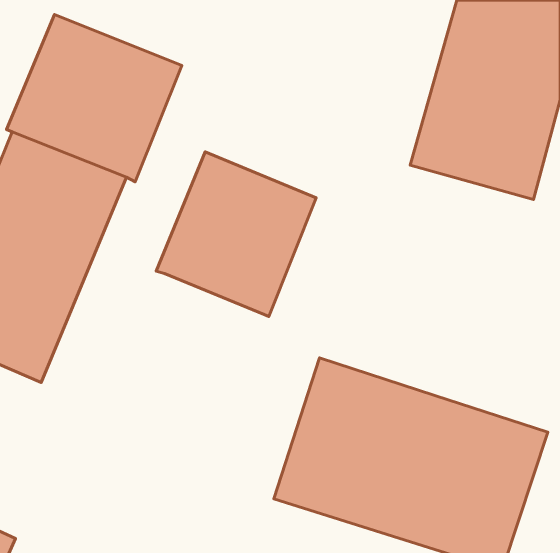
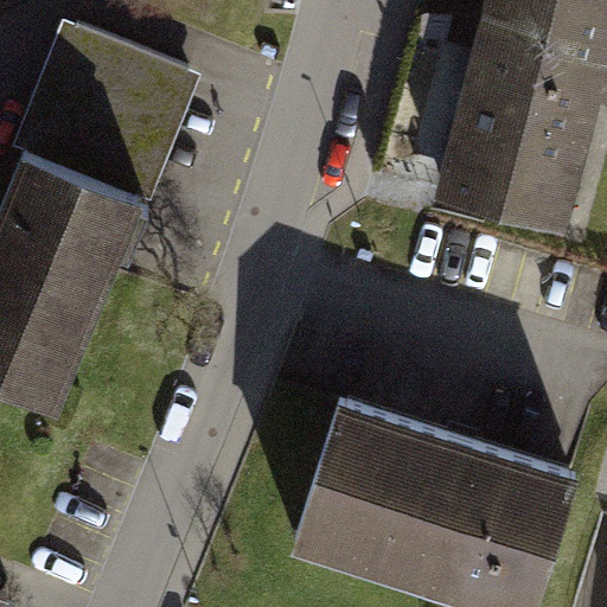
building: [156,152,316,317] -> none

